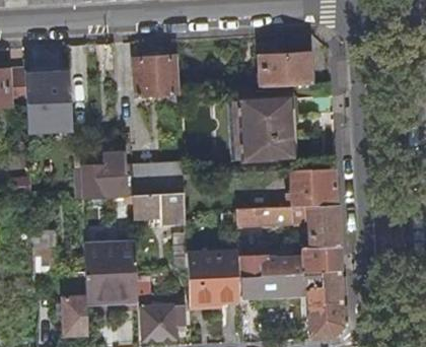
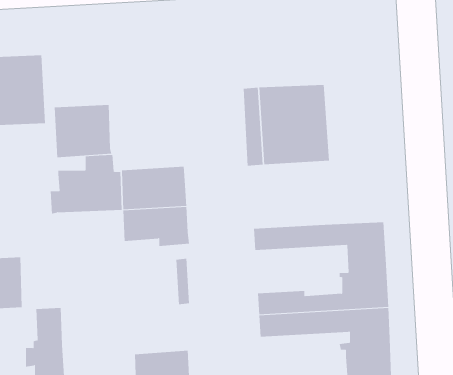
building: [260,54,310,86] -> none
building: [133,57,179,98] -> [54,105,112,158]
building: [285,168,338,207] -> none
building: [84,242,138,306] -> none
building: [187,252,240,305] -> none

